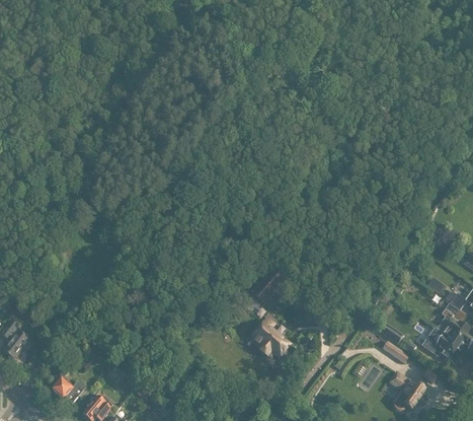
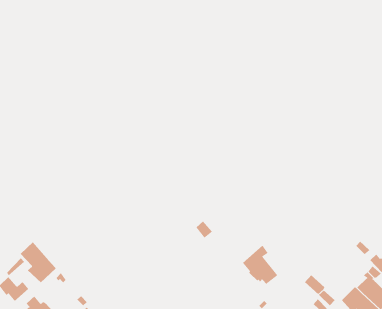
building: [249,317,290,358] -> [242,245,278,285]
building: none -> [20,242,57,283]

